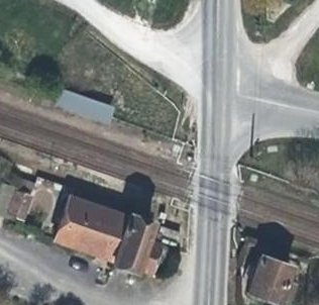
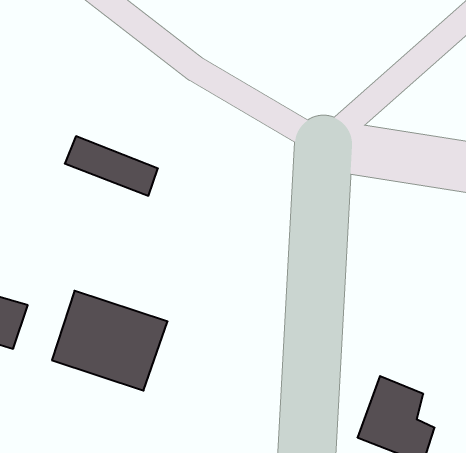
building: [115,213,162,273] -> none

